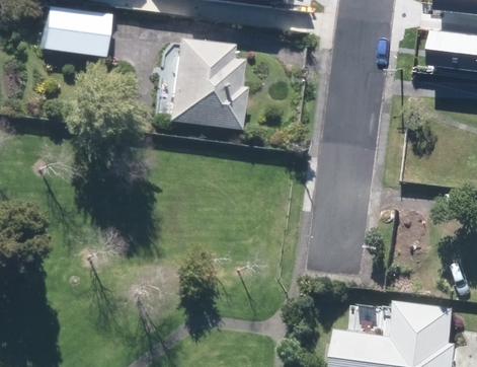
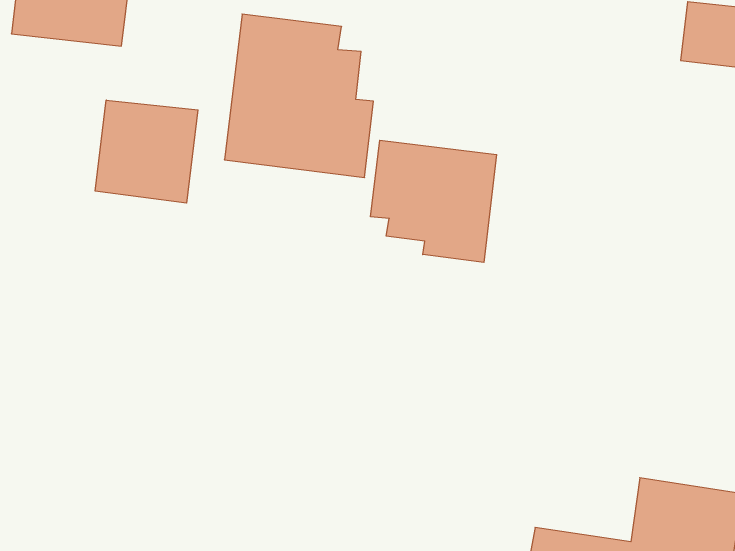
building: none -> [95,100,198,203]
building: none -> [371,140,497,262]

